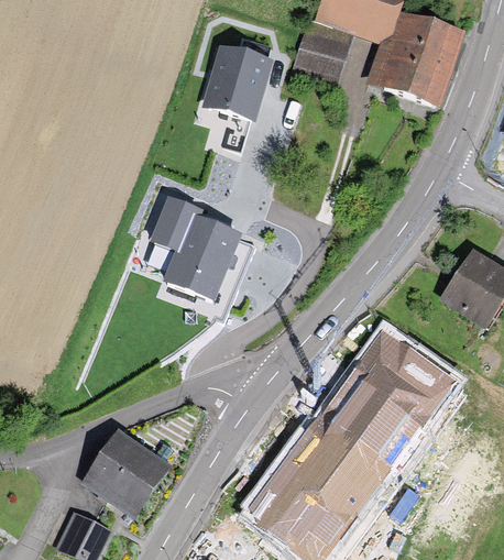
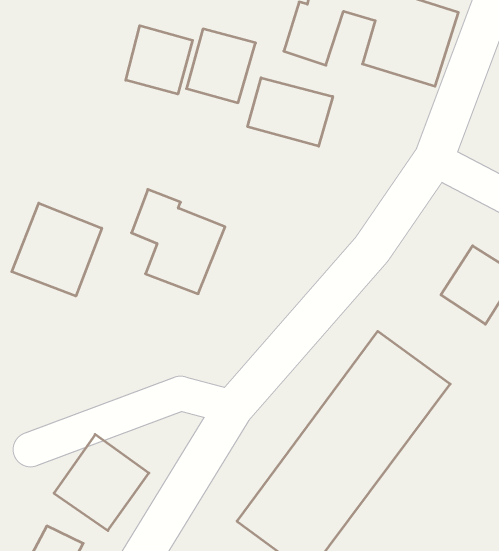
building: none -> [126,26,193,94]
building: none -> [248,78,333,146]
building: none -> [12,203,102,296]

